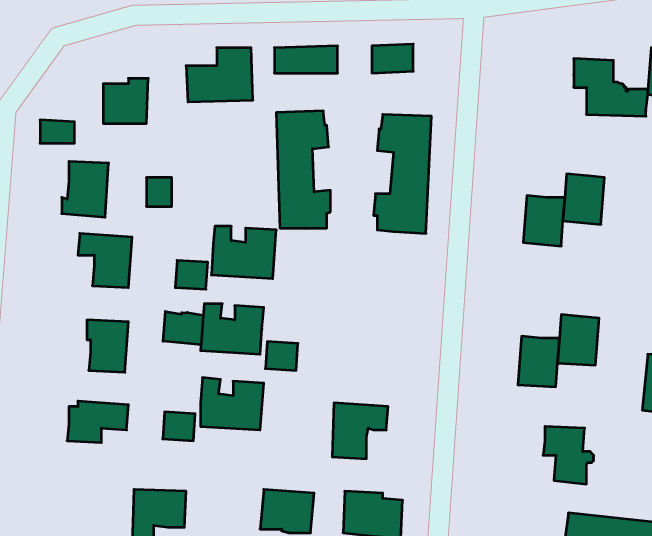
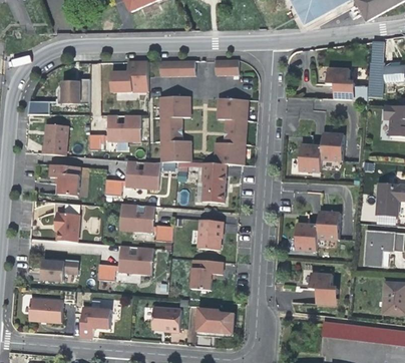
building: none -> [105,114,138,141]
building: none -> [201,162,226,203]
building: [163,311,203,345] -> none
building: none -> [197,220,222,250]
building: none -> [29,299,63,323]

